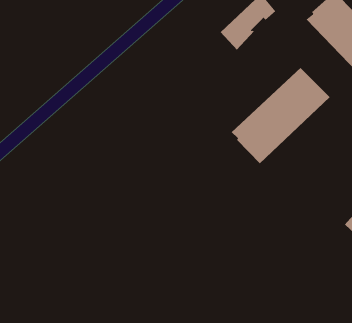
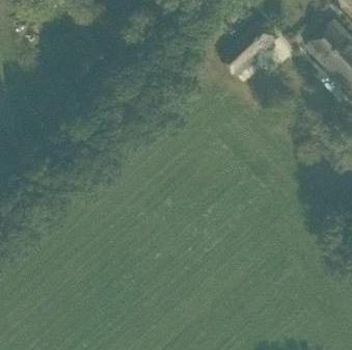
building: [231,67,331,164] -> none

